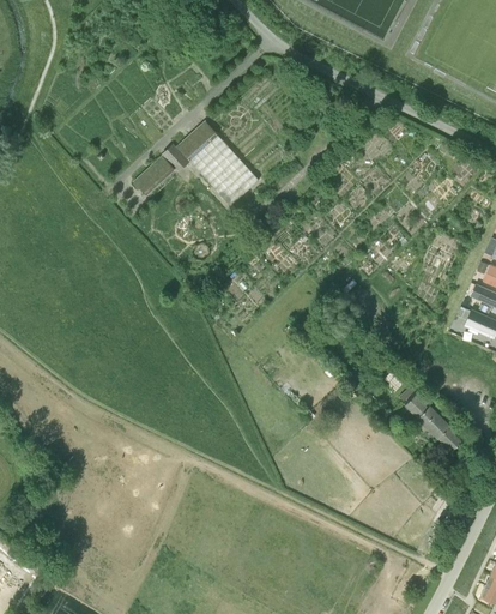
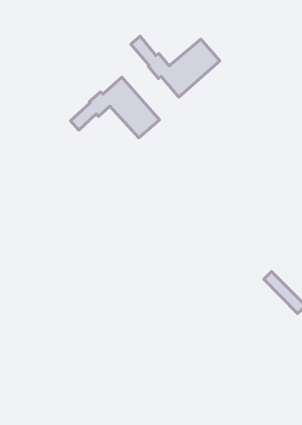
building: none -> [131,36,220,97]

